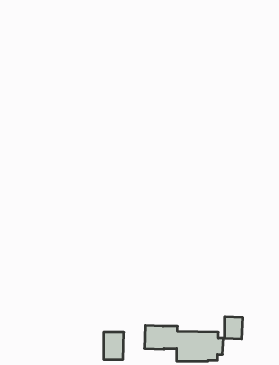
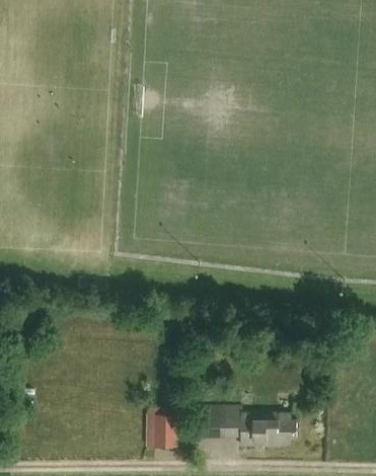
building: [225,317,242,339] -> none

